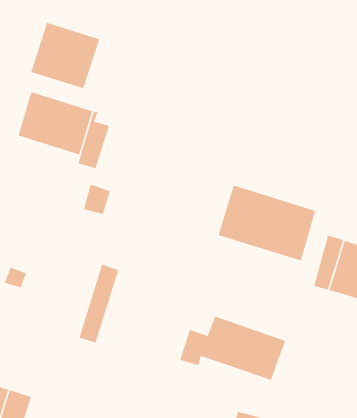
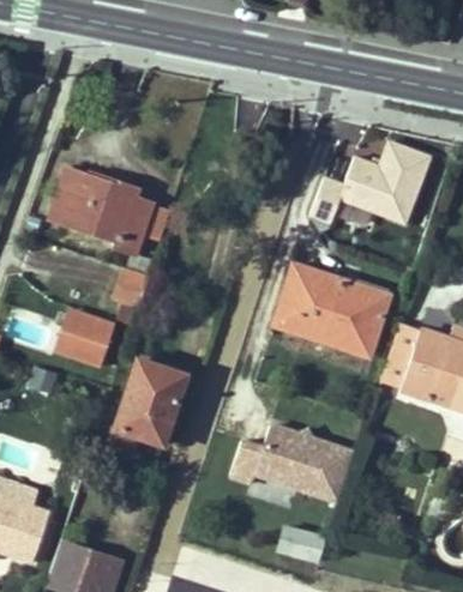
building: [30,22,100,89] -> none
building: none -> [309,139,428,219]
building: none -> [53,307,115,368]
building: none -> [133,369,187,457]

